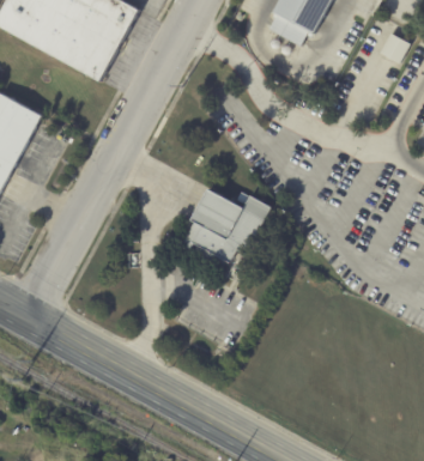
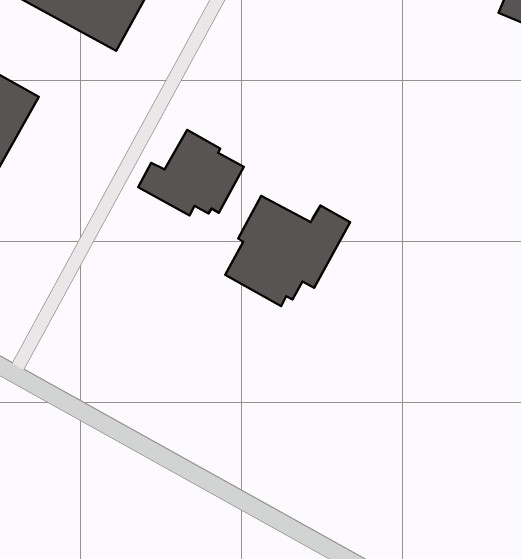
building: none -> [138,130,244,215]

